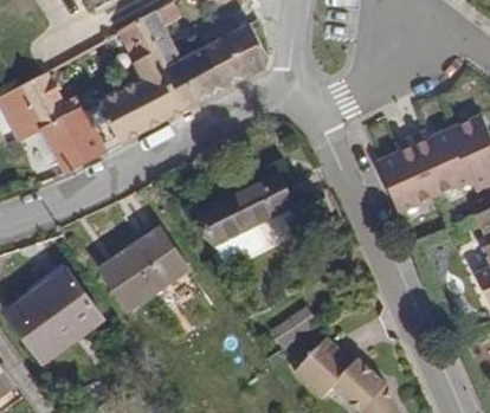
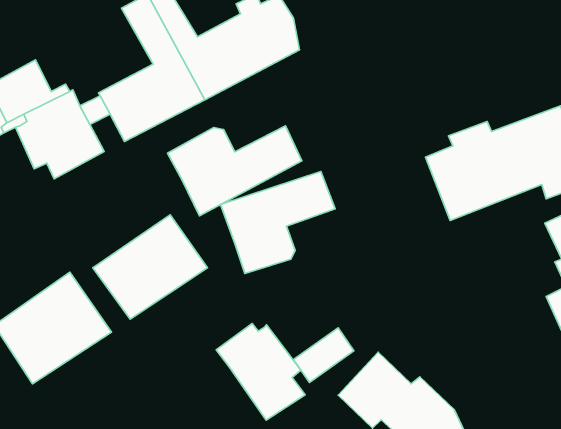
building: none -> [168,126,302,216]
building: none -> [216,324,305,420]

